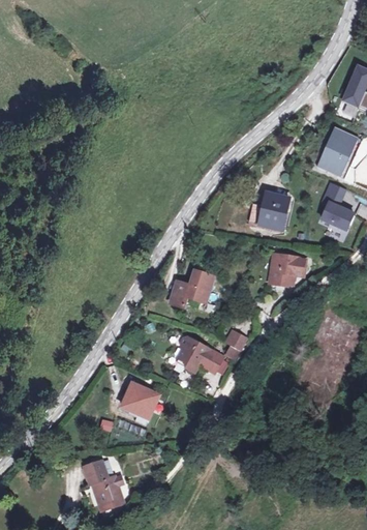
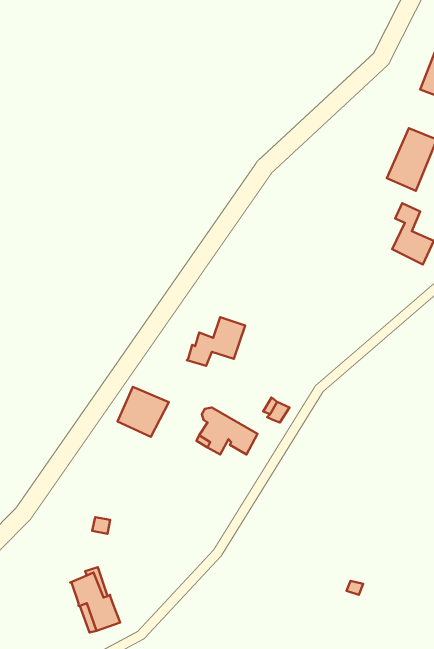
building: [265,195,292,229] -> none
building: [273,255,305,285] -> none
building: [123,381,161,418] -> [117,387,169,437]

